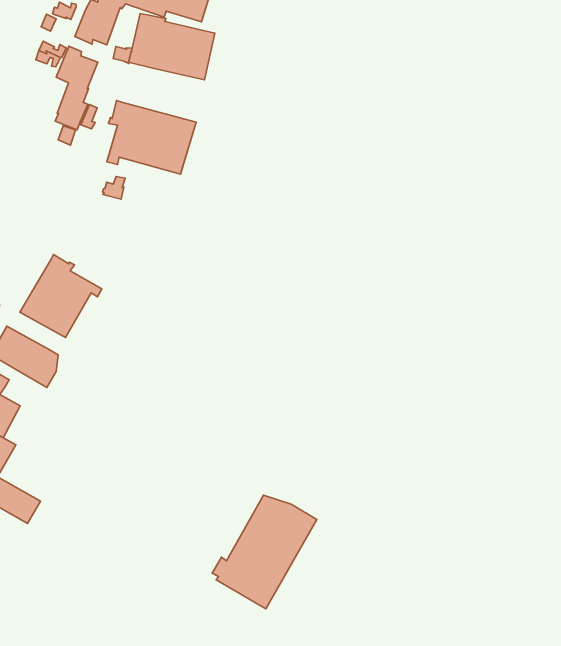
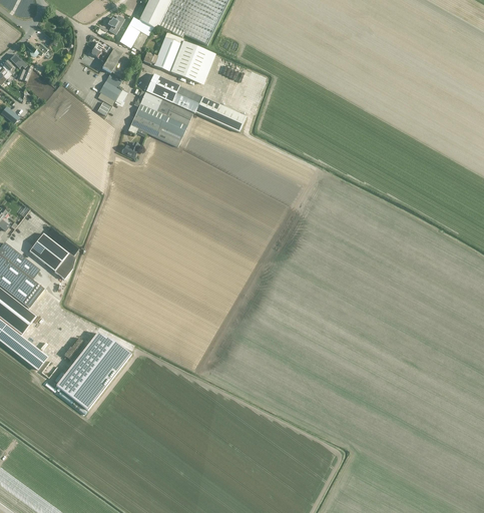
building: none -> [146,72,247,131]
building: [20,254,102,338] -> none
building: [212,495,317,609] -> [54,332,131,410]

